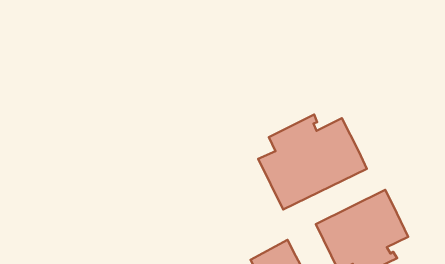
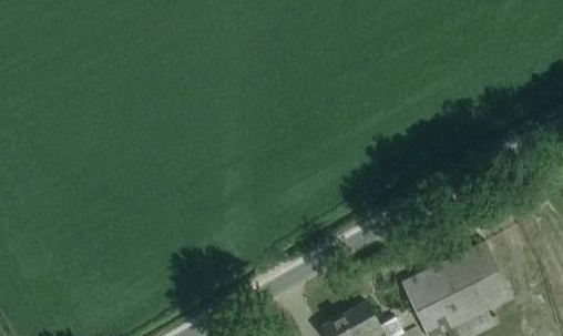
building: [258,115,367,210] -> none

